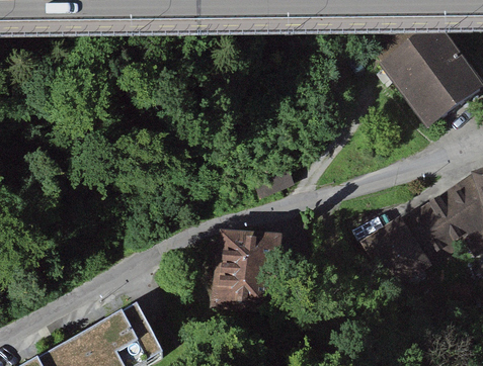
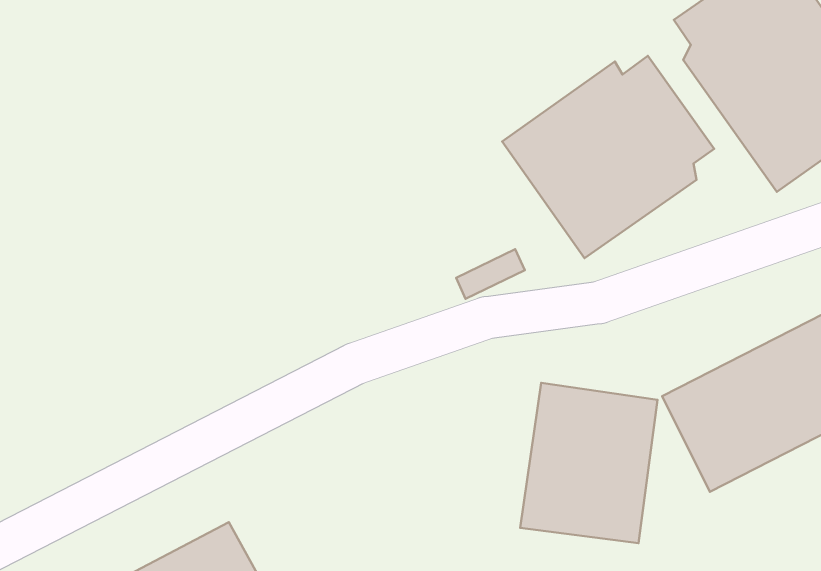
building: none -> [502,56,714,258]
building: [210,224,283,309] -> [520,383,657,543]

